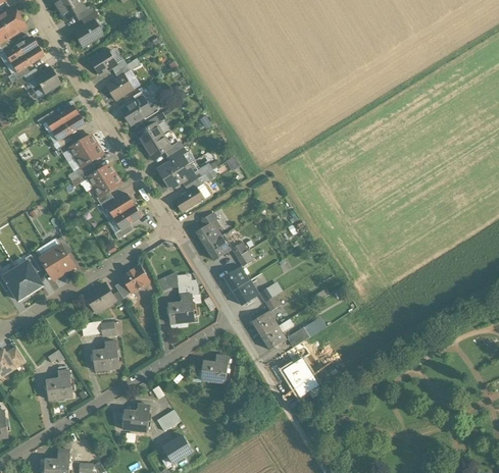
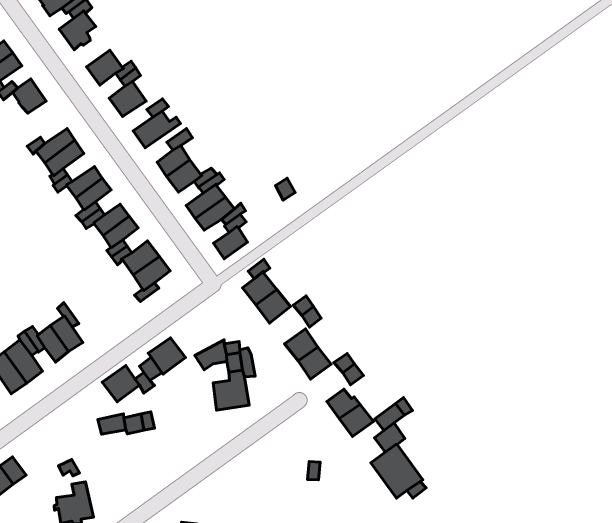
building: [93,339,119,369] -> none
building: [201,355,227,382] -> none

